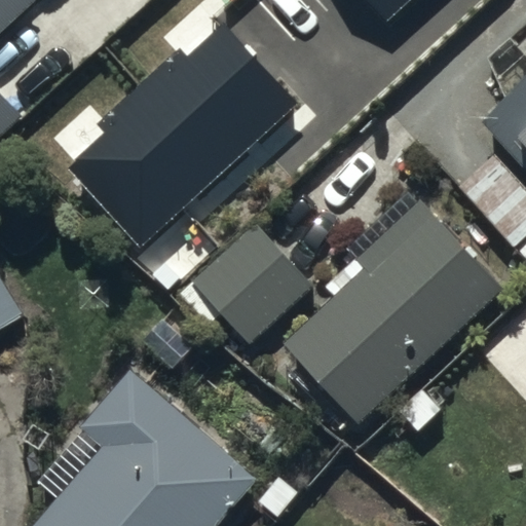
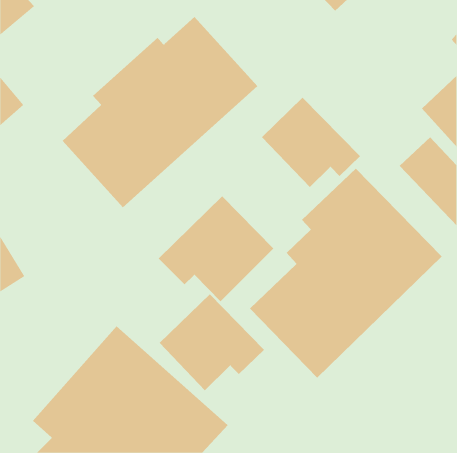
building: none -> [261,97,361,188]
building: none -> [159,294,265,391]

